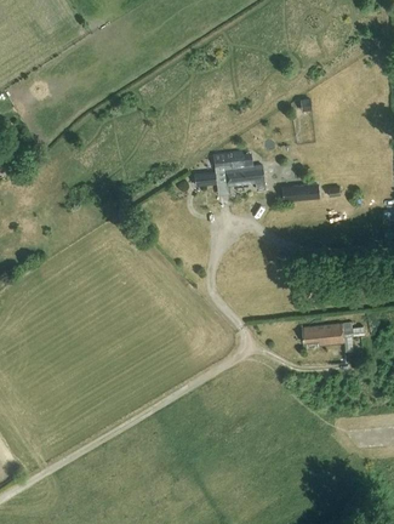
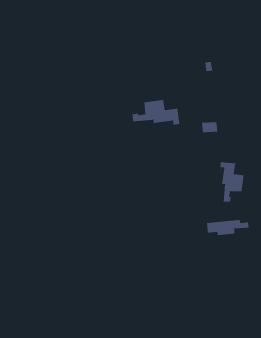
building: none -> [220,162,244,203]

